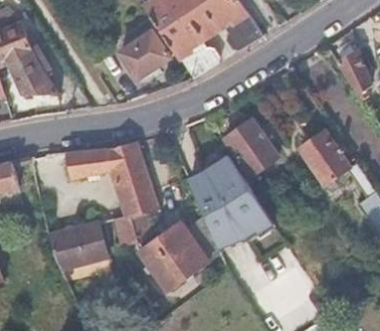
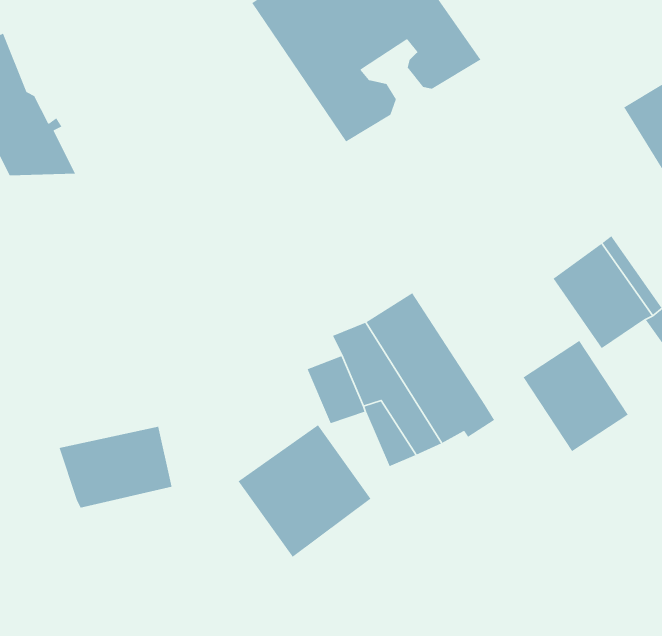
building: [118,30,173,84] -> none
building: [224,117,278,174] -> [523,340,629,452]
building: [65,140,158,244] -> none

